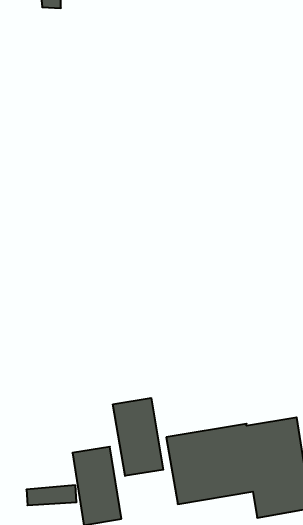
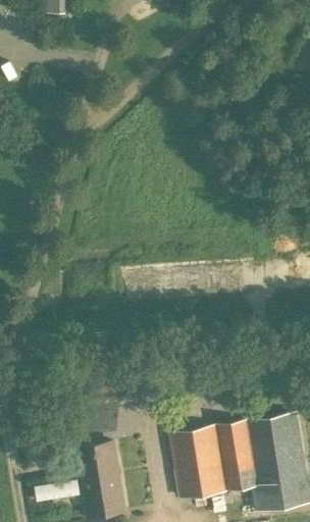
building: [113,398,163,476] -> none

